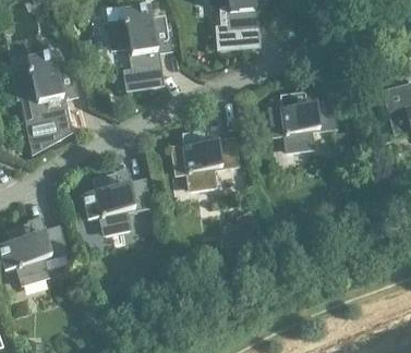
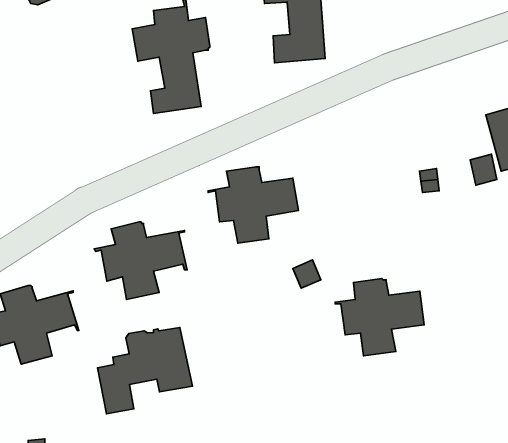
building: [13,49,73,154] -> none
building: [266,93,335,153] -> [335,278,424,356]
building: none -> [97,328,193,414]

